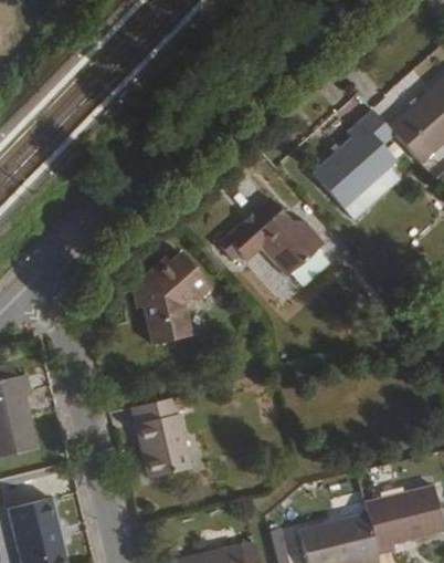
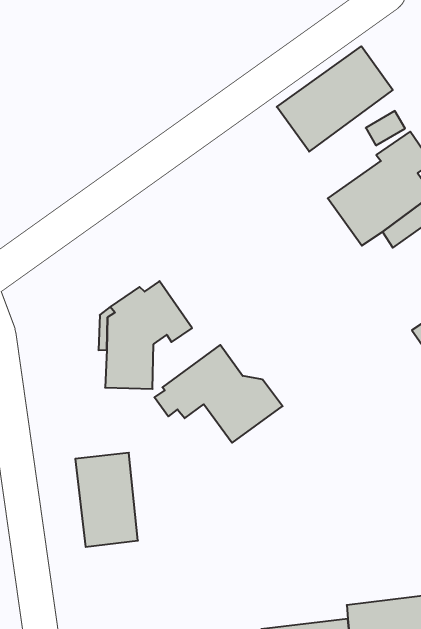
building: none -> [277,46,393,152]
building: [222,199,327,278] -> [154,345,283,443]

